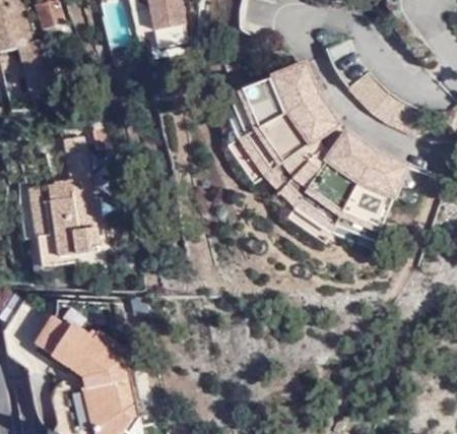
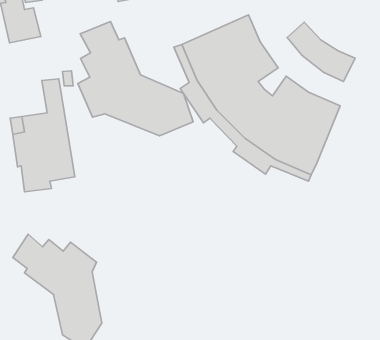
building: none -> [78,21,193,136]

